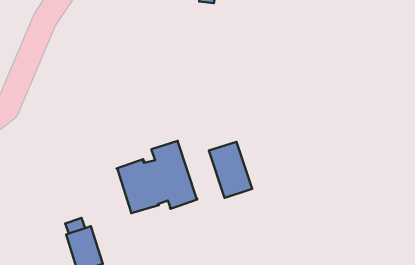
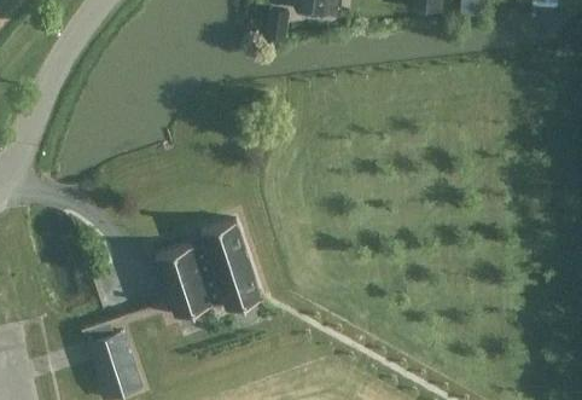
building: [209,142,252,198] -> none

